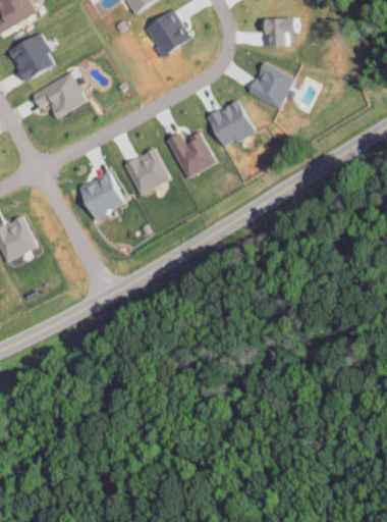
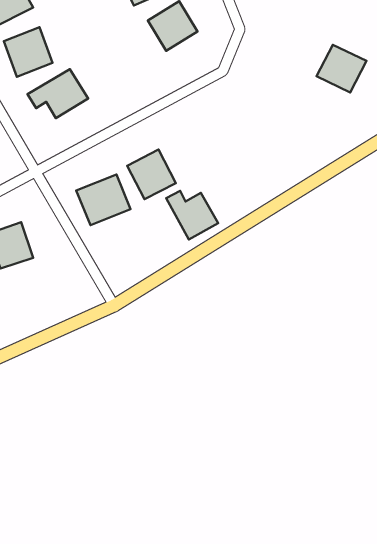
building: [264,18,291,47] -> none
building: [248,62,295,107] -> [317,45,366,92]
building: [206,98,259,146] -> none
building: [167,132,216,177] -> [166,191,218,239]

